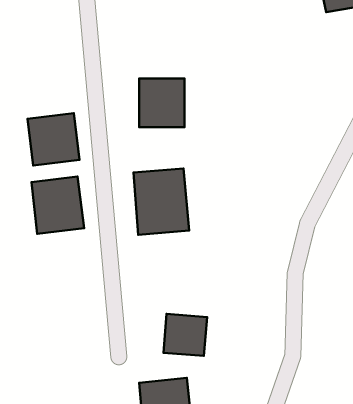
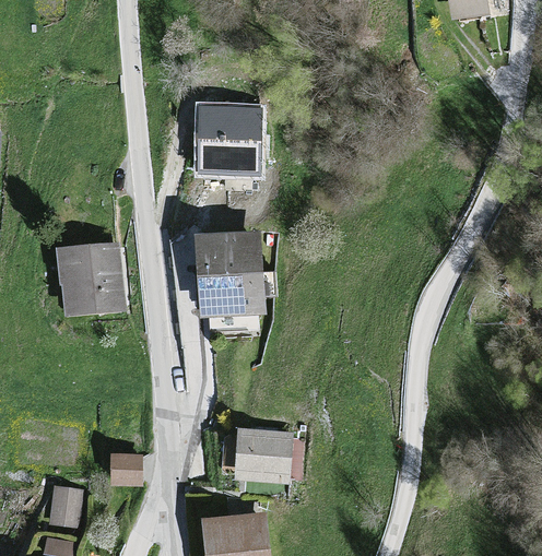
building: [27,113,79,166] -> none
building: none -> [109,452,142,484]
building: none -> [47,486,82,528]

